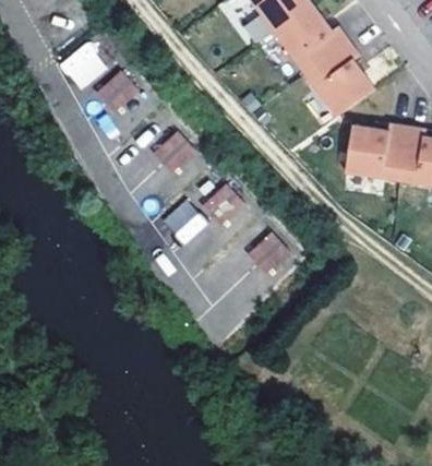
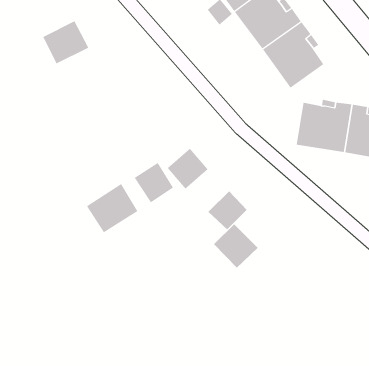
building: [93,68,140,113] -> none
building: [152,129,195,171] -> none
building: none -> [86,183,138,233]
building: none -> [213,223,259,269]

